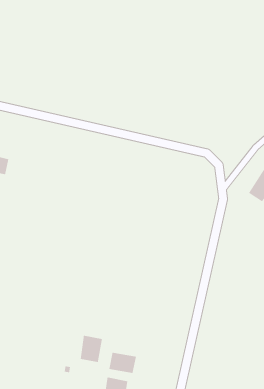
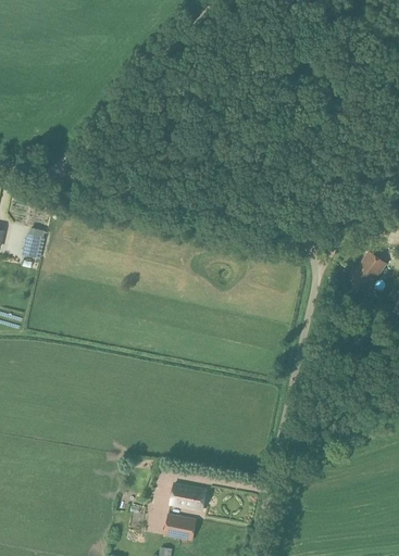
building: [80,335,102,363] -> none

